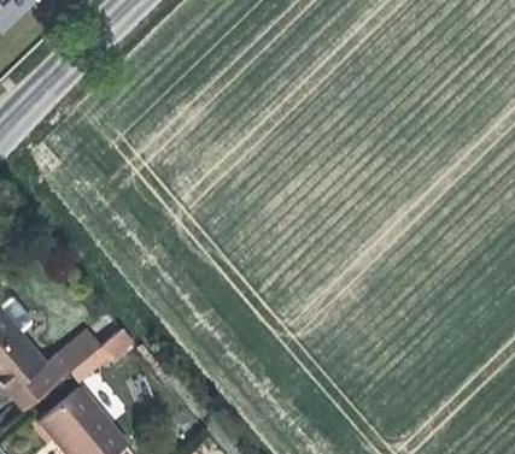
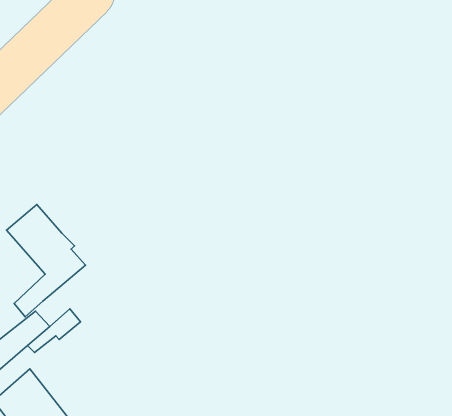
building: none -> [7,205,85,317]

